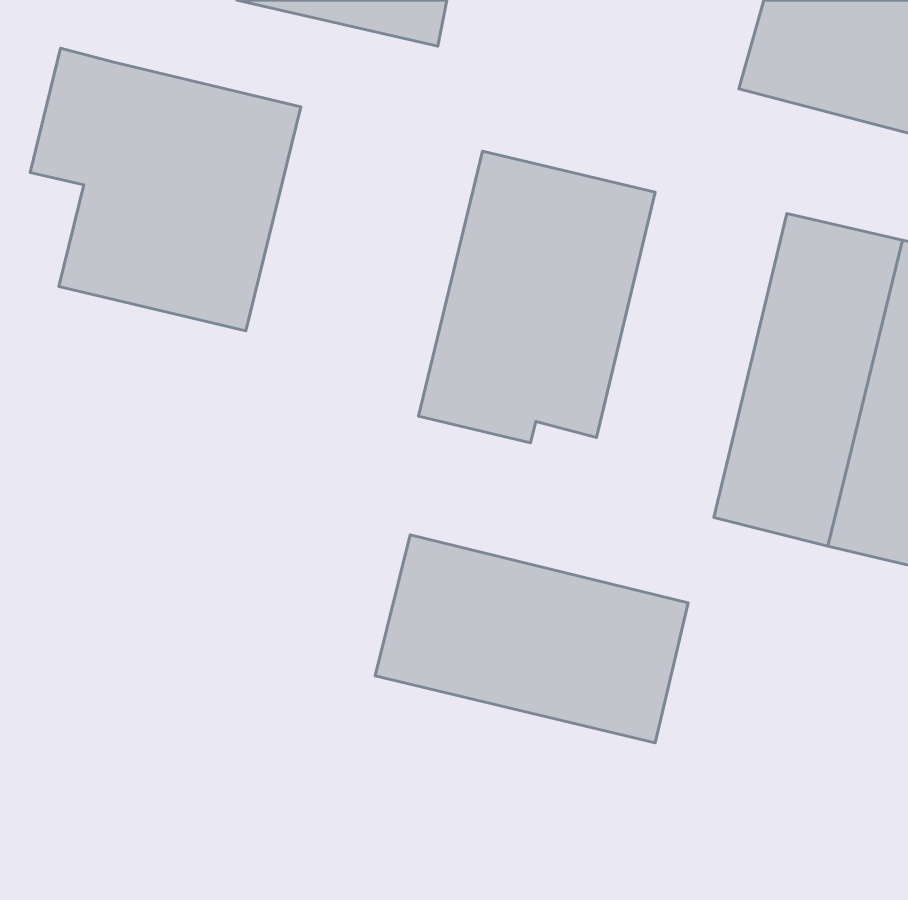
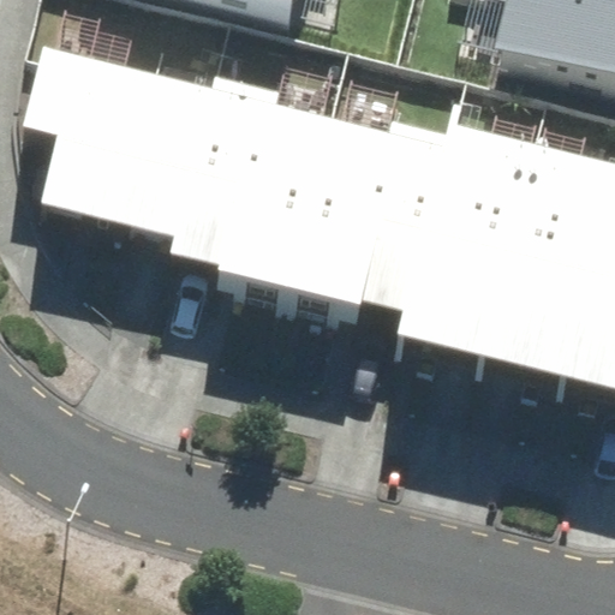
building: none -> [163,78,327,287]
building: none -> [395,129,532,356]
building: [375,535,688,743] -> none

